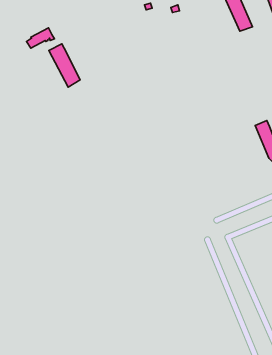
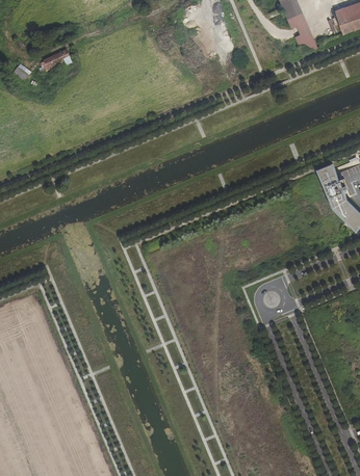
building: [49,44,80,87] -> none

